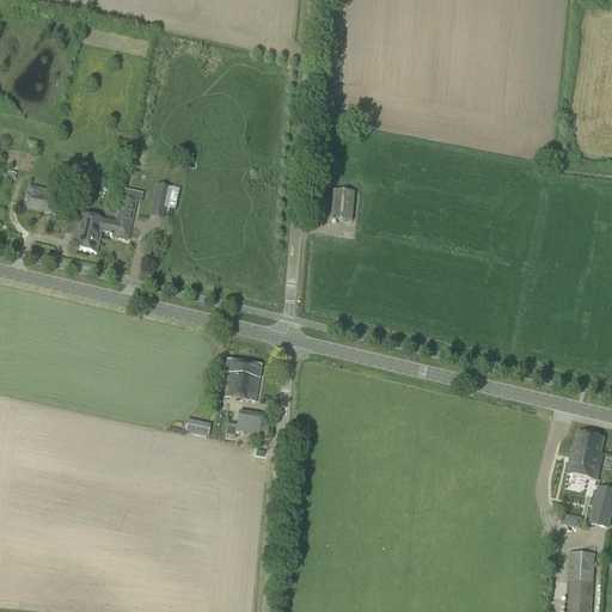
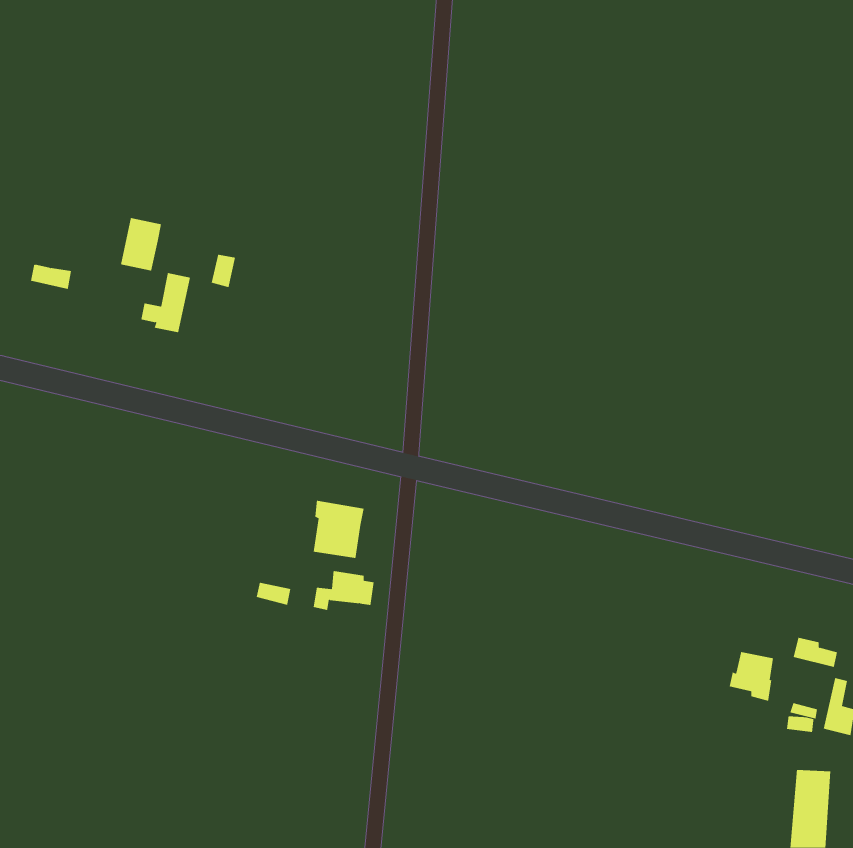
building: [332,188,356,219] -> none
building: [74,212,104,250] -> [120,218,162,271]
building: [571,430,604,466] -> [729,651,774,702]

